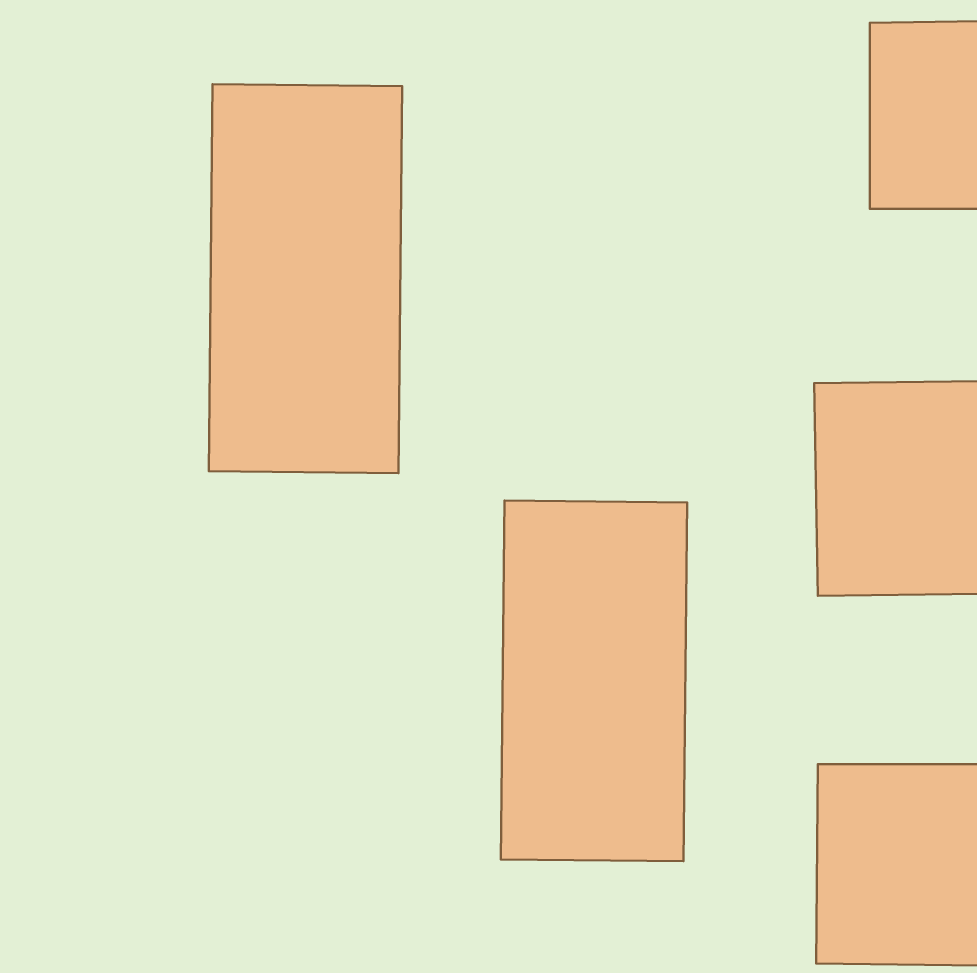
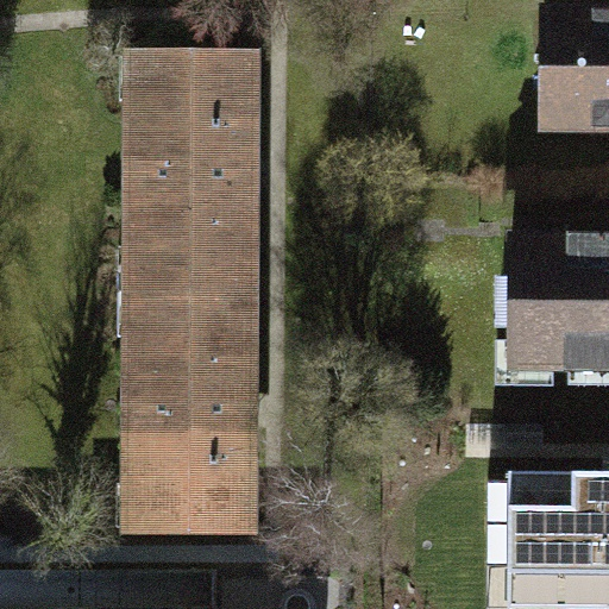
building: none -> [128,296,249,533]
building: [501,501,687,861] -> none

